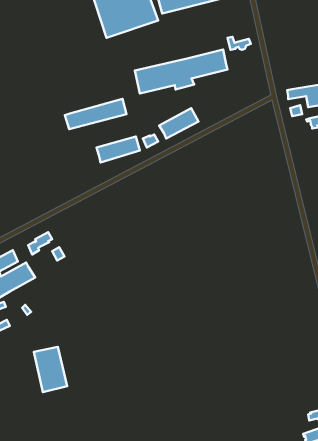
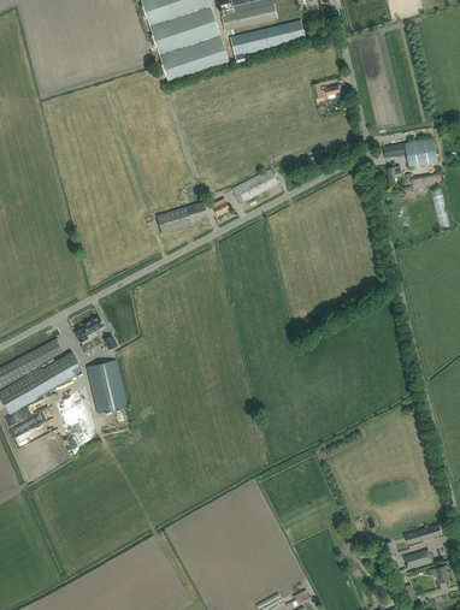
building: [135,49,228,93] -> none
building: [65,99,126,129] -> none
building: [34,347,67,392] -> [87,359,126,413]

